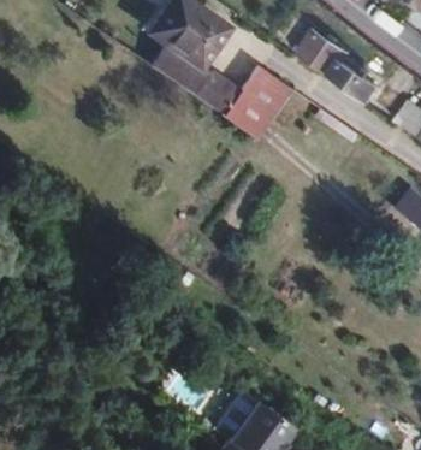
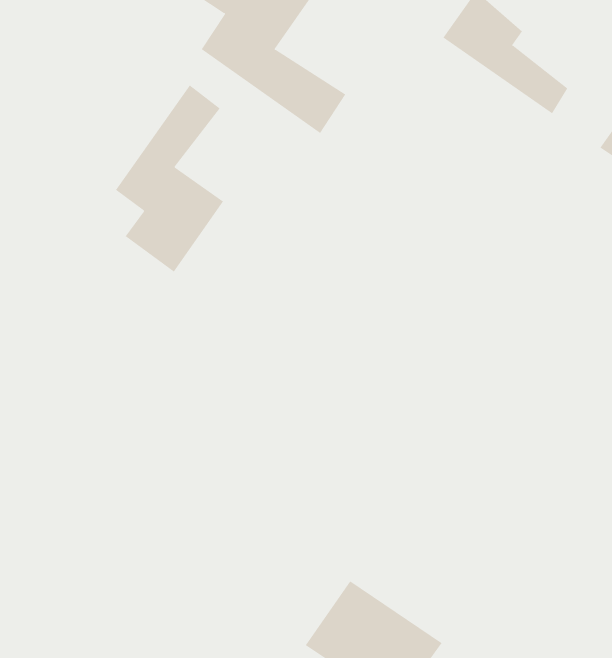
building: [224,64,291,136] -> none
building: none -> [115,85,224,272]

